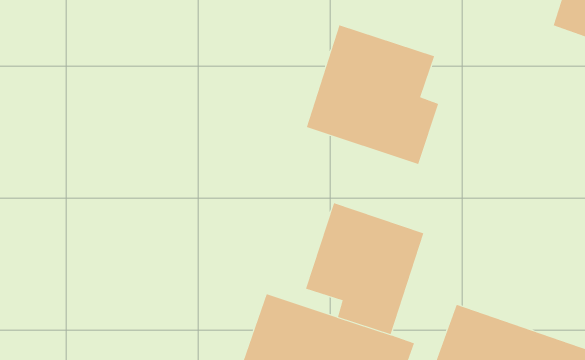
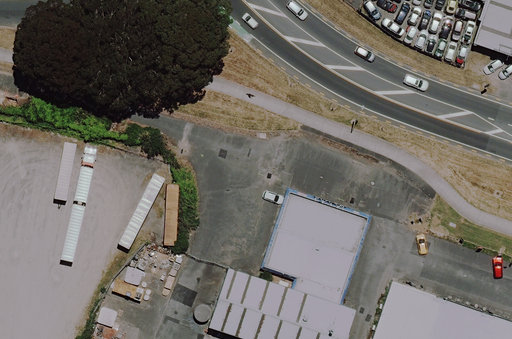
building: [306,24,439,165] -> none

